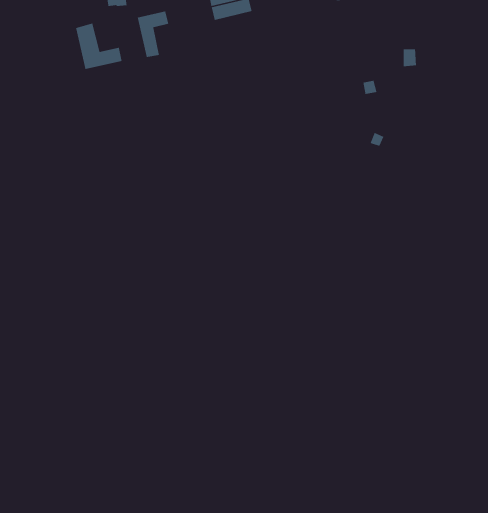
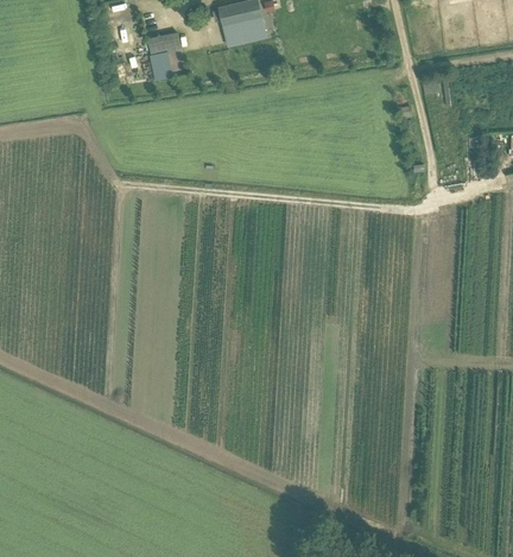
building: [75,23,122,70] -> none

